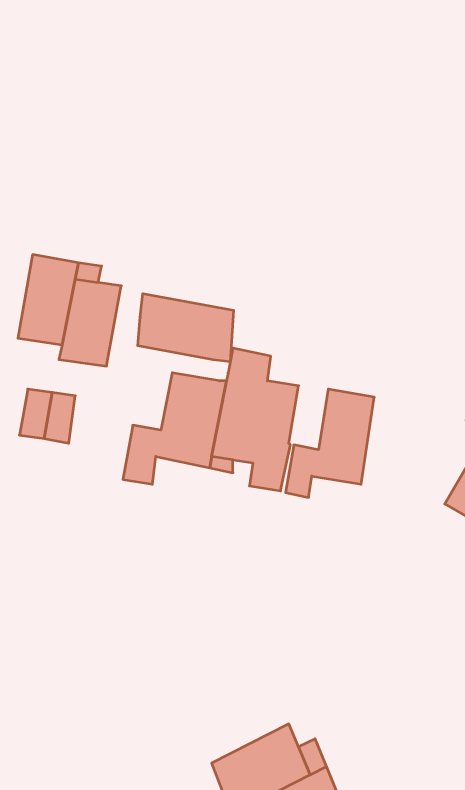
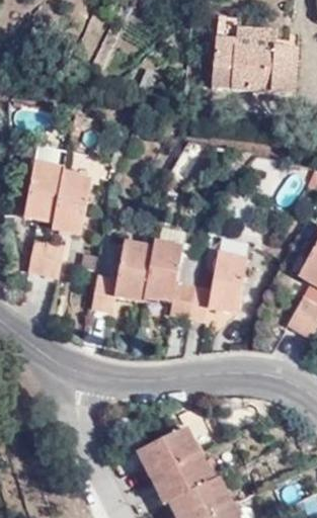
building: none -> [211,14,297,92]
building: [138,294,234,362] -> none
building: none -> [138,435,194,481]

